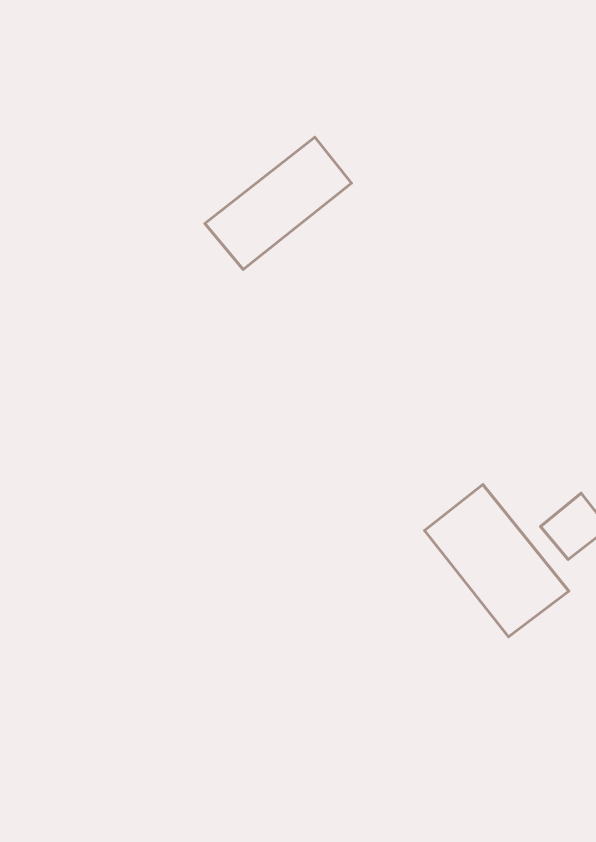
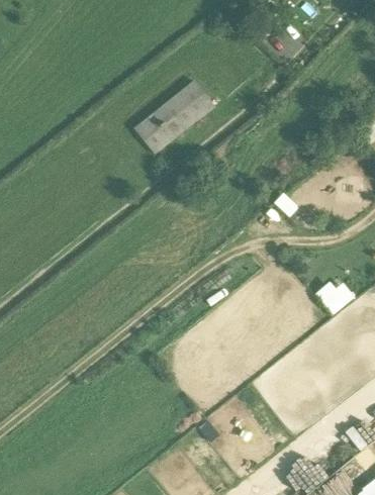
building: [424,484,569,637] -> none

